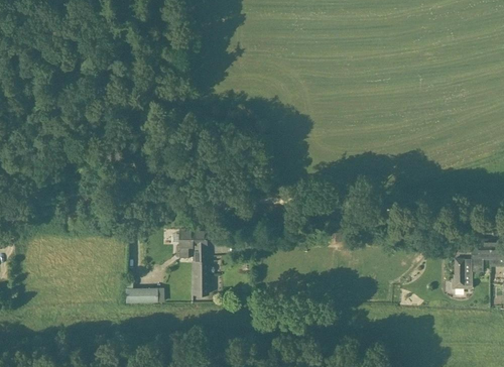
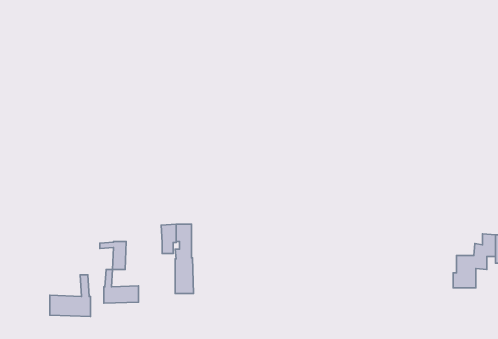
building: none -> [100,241,126,270]
building: none -> [50,275,90,317]

